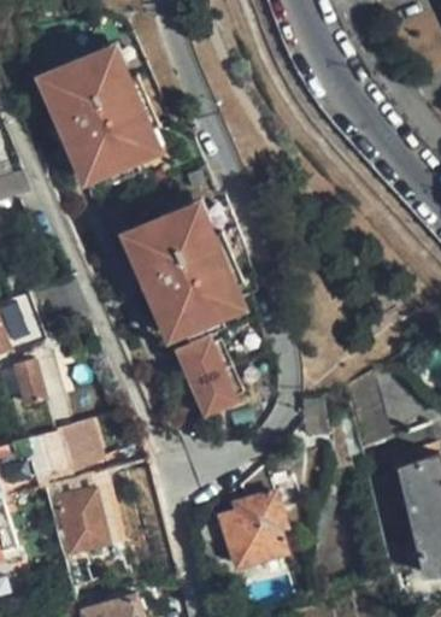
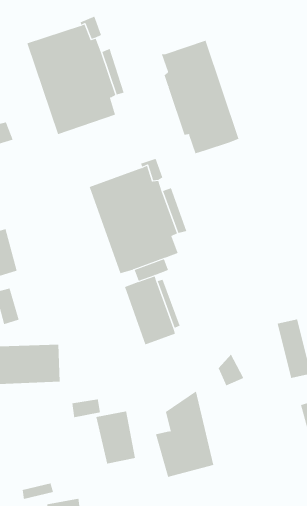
building: none -> [161,40,239,154]
building: [48,493,99,557] -> [95,411,136,464]

